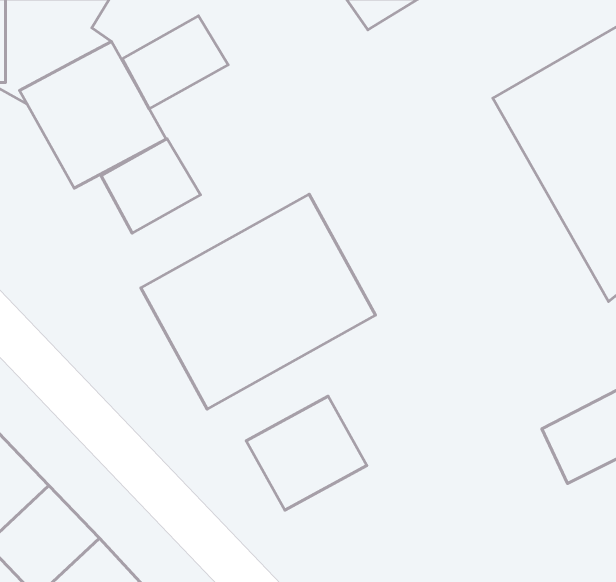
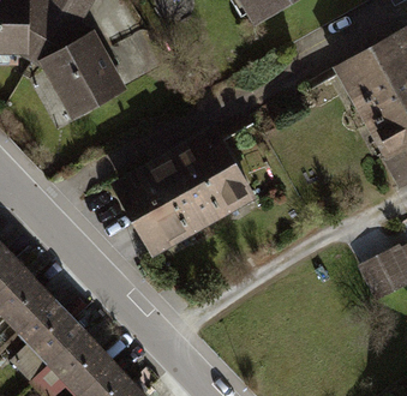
building: [122,16,228,109] -> none
building: [101,139,201,233] -> none
building: [246,396,367,510] -> none

